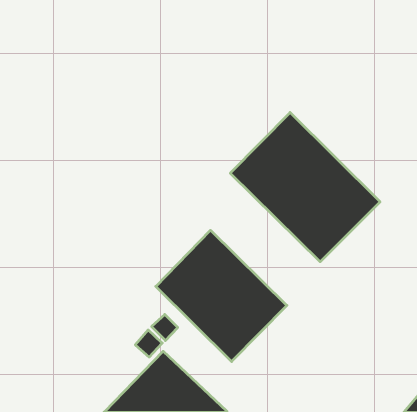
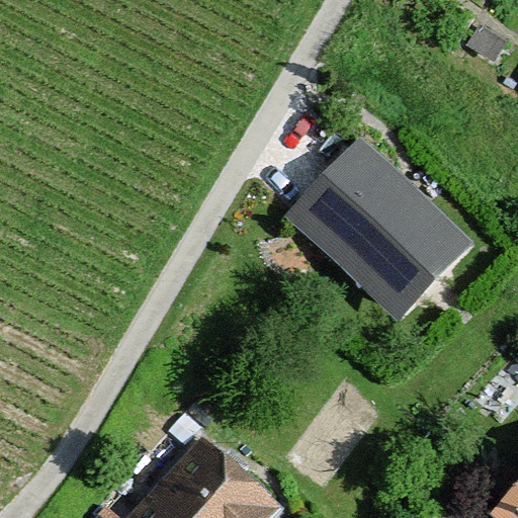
building: [156,230,287,362] -> none

